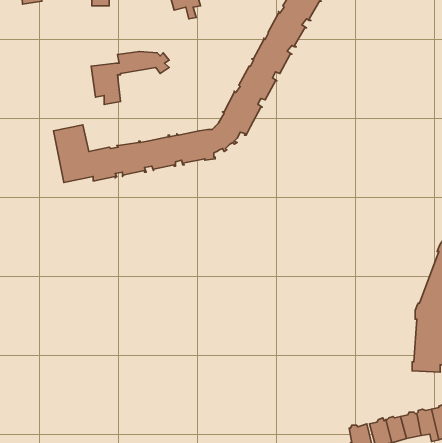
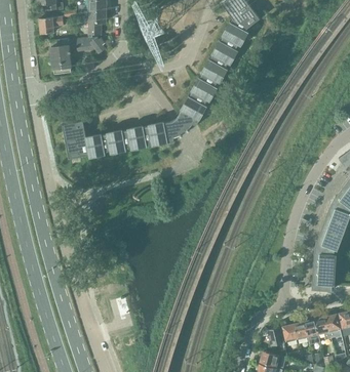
building: [91,51,169,104] -> [50,38,105,75]

